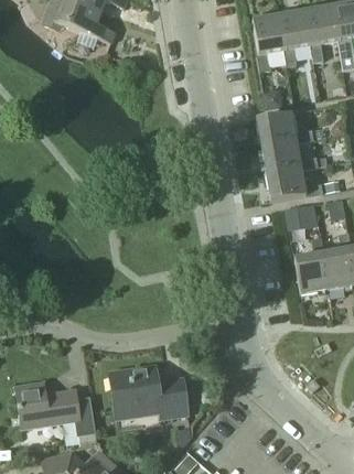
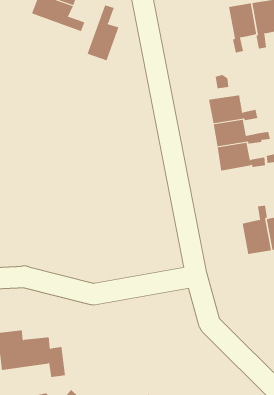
building: none -> [87,4,119,61]
building: [254,12,287,69] -> none
building: [286,203,319,227] -> none
building: [109,365,189,414] -> none

